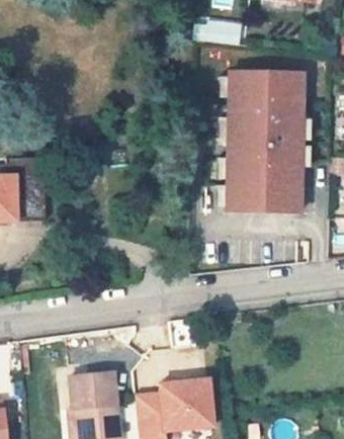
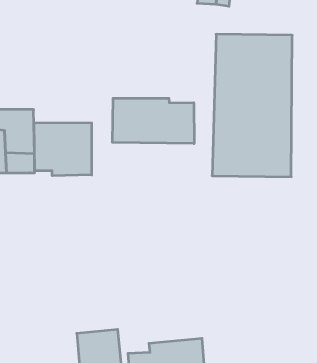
building: none -> [112,98,194,144]
building: none -> [34,123,92,176]

